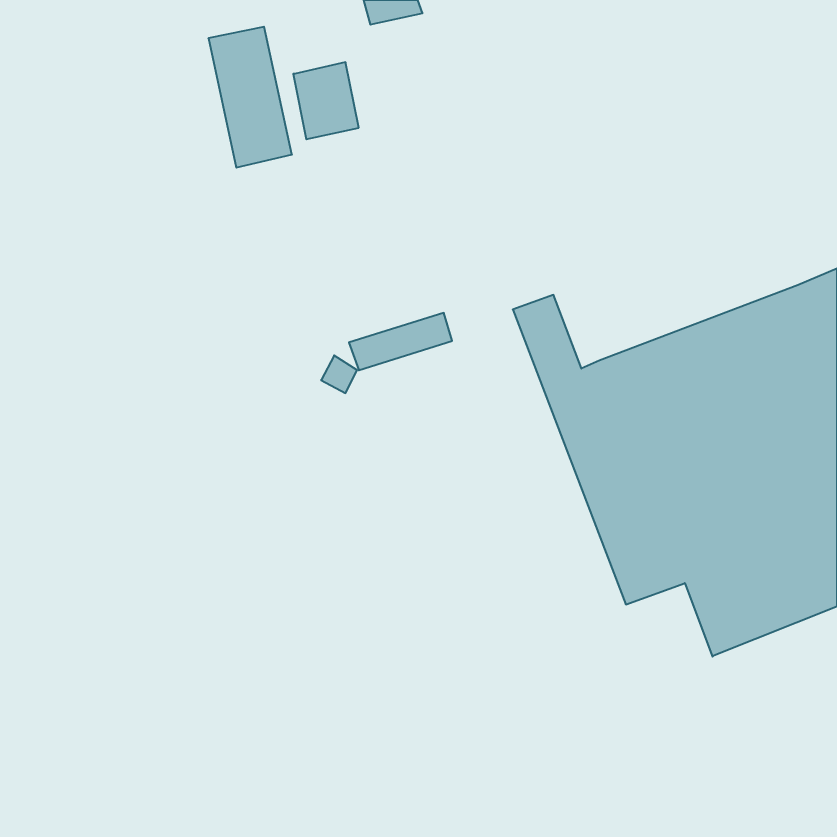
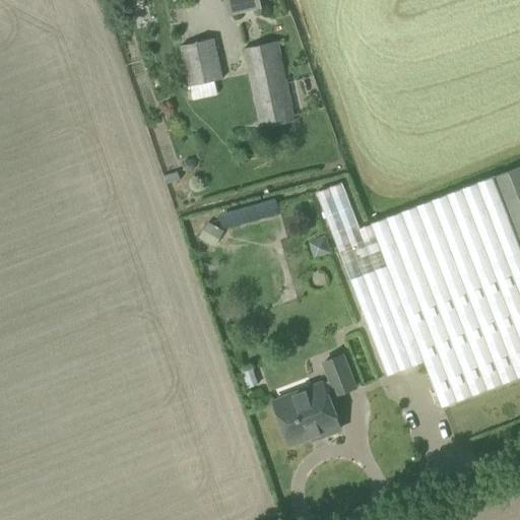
building: [208,27,292,168] -> [245,42,297,129]
building: none -> [274,354,355,444]

